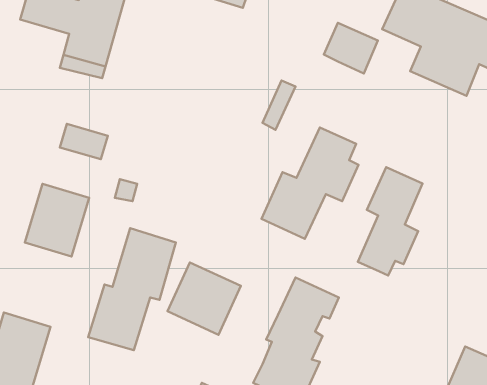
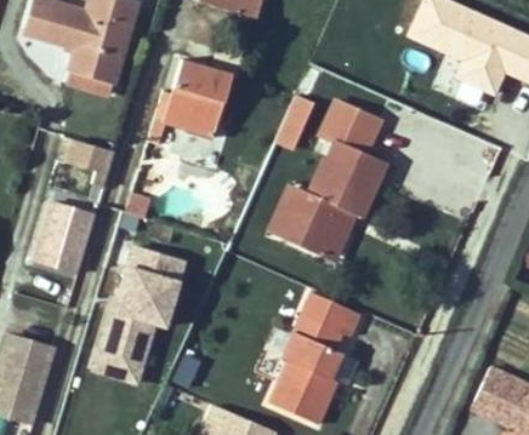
building: [324,23,378,73] -> [323,102,379,154]
building: none -> [164,58,233,137]
building: [358,167,423,276] -> none
building: [168,262,241,335] -> none

